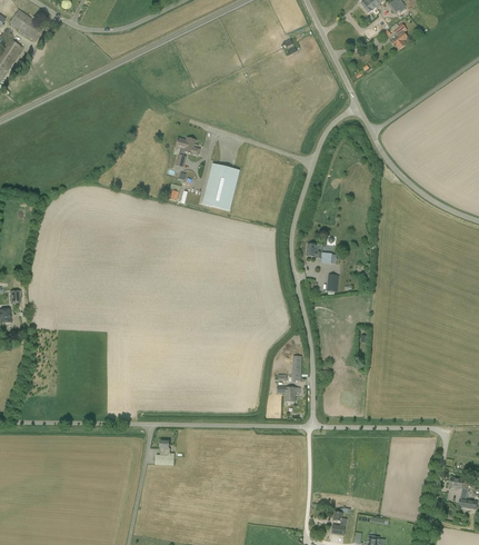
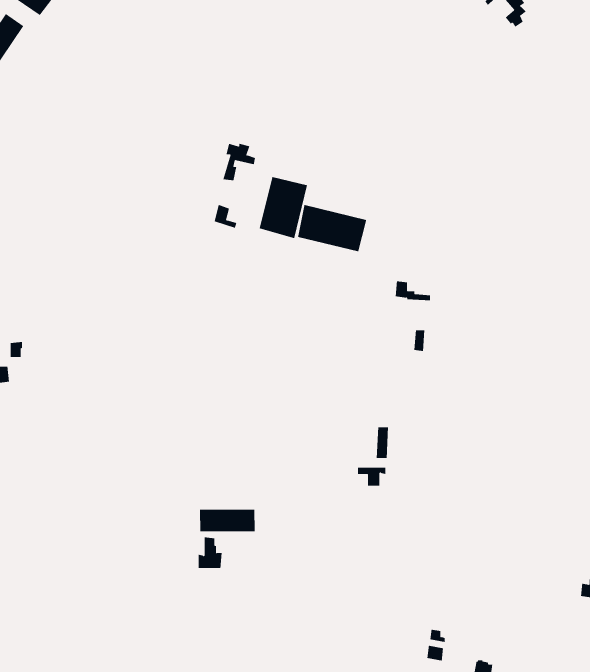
building: none -> [298,204,367,252]
building: none -> [199,509,255,532]

